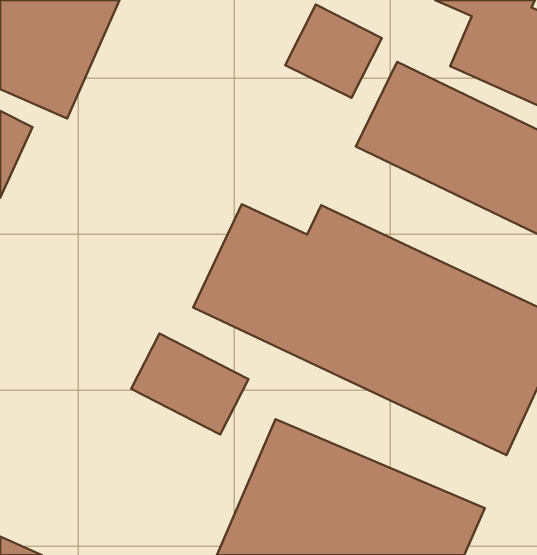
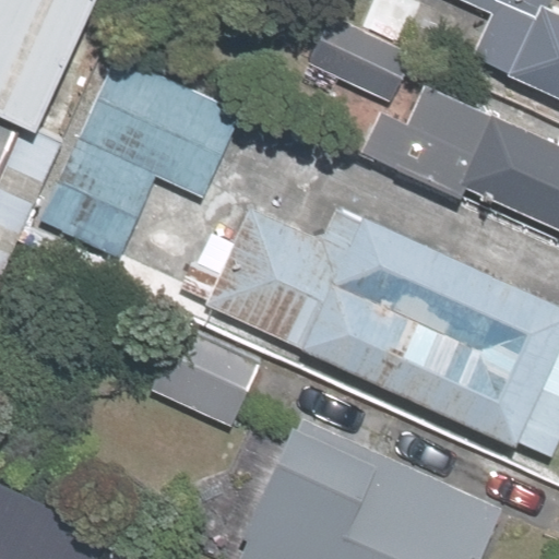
building: none -> [45,52,229,250]

